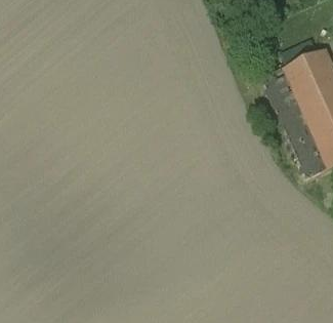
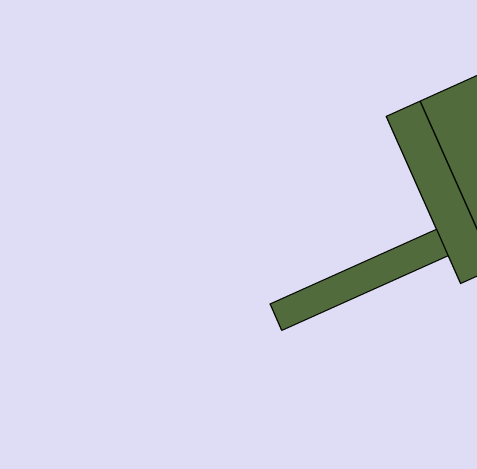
building: none -> [270,229,448,330]

